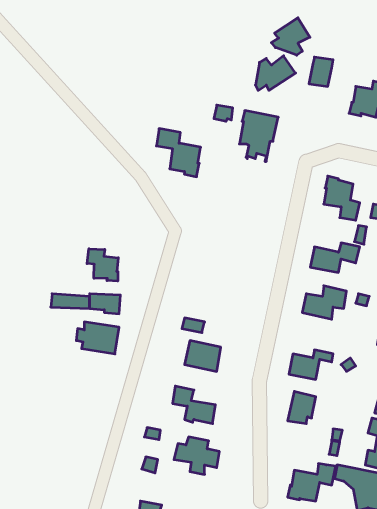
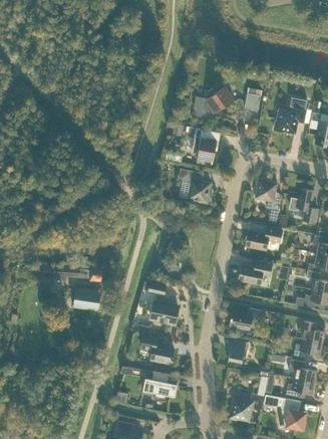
building: [271,18,310,55] -> none
building: [156,129,201,177] -> [178,168,211,204]
building: [87,249,118,281] -> none

